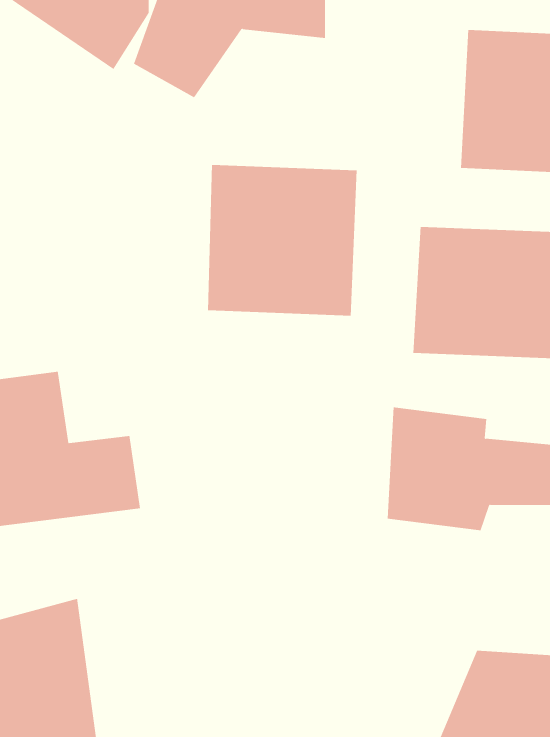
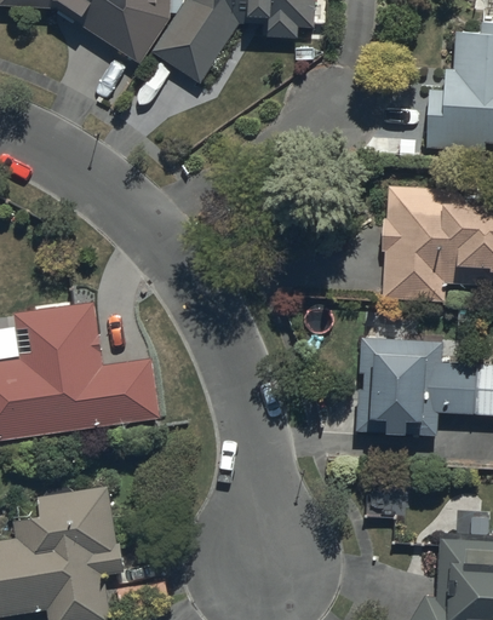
building: [208,164,357,316] -> none

